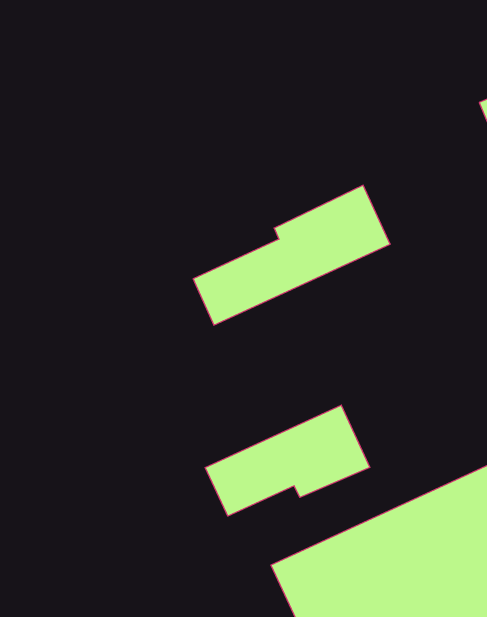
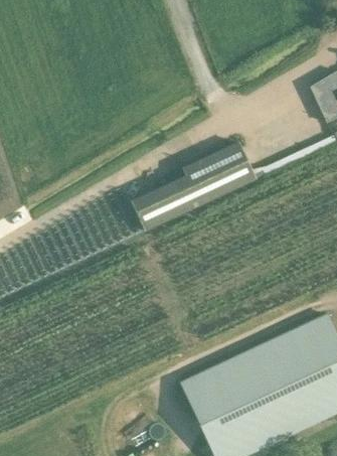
building: [205,405,370,516] -> none

